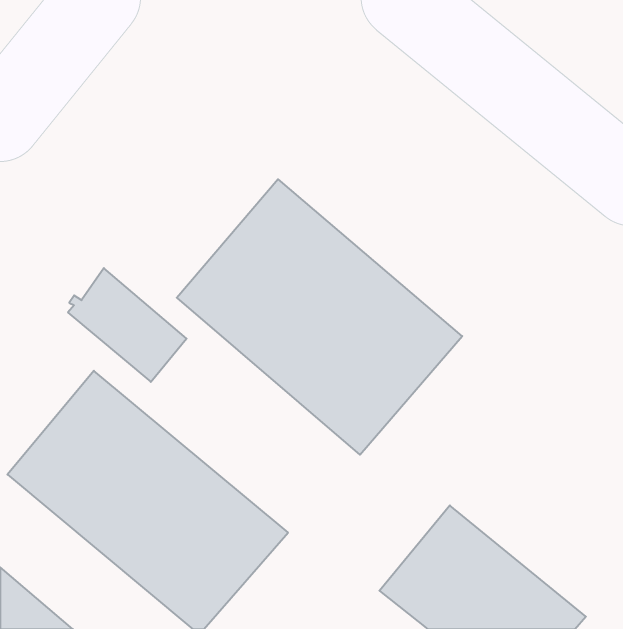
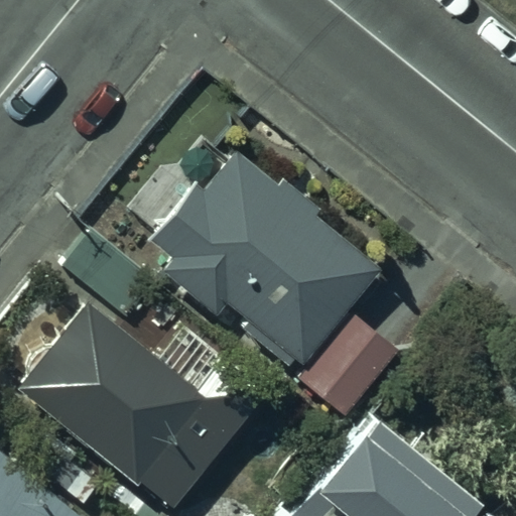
building: none -> [305,309,408,417]

